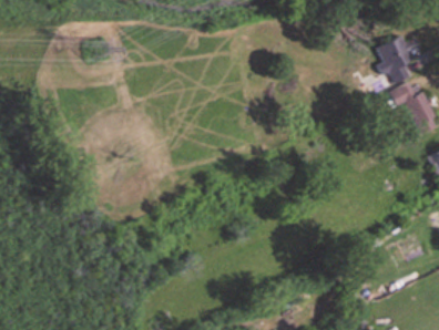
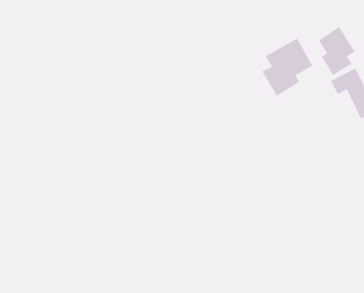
building: none -> [262,38,313,97]

